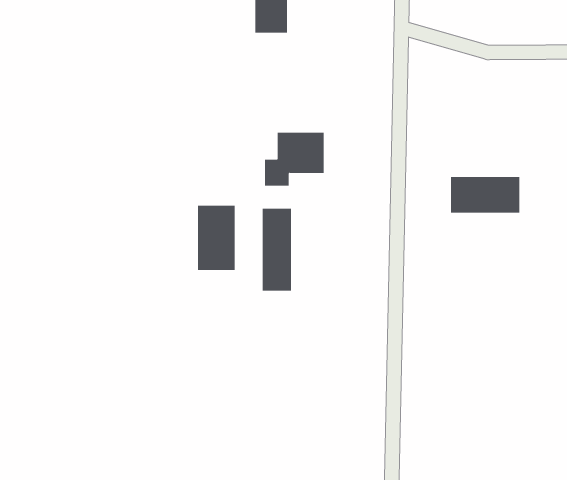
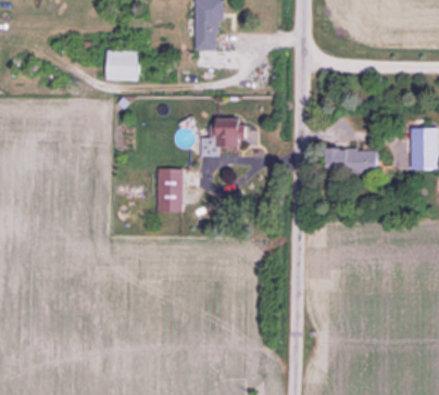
building: none -> [105,50,138,81]
building: [262,208,292,292] -> none

